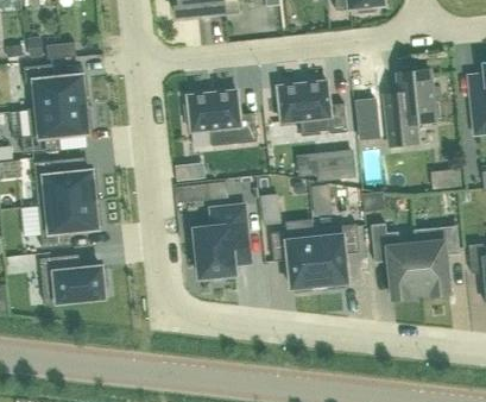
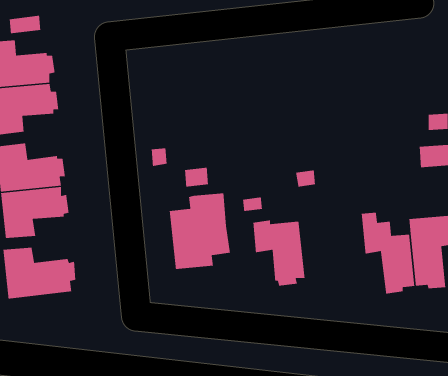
building: [385,68,438,146] -> none
building: [278,81,347,133] -> none
building: [184,90,258,146] -> none
building: [355,99,379,139] -> none
building: [298,151,354,178] -> none
building: [313,224,360,289] -> none

